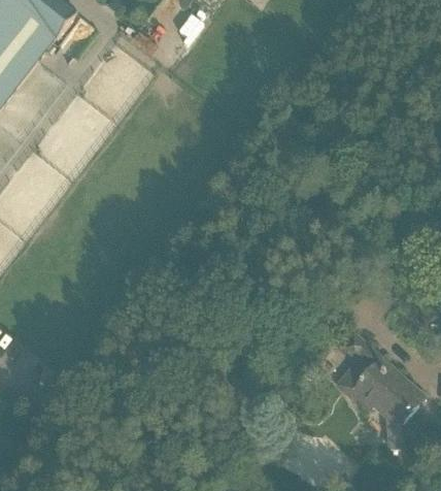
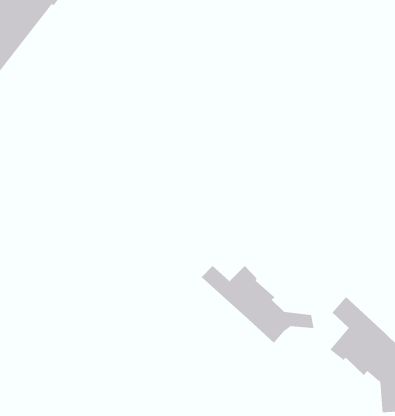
building: none -> [201,265,314,344]

